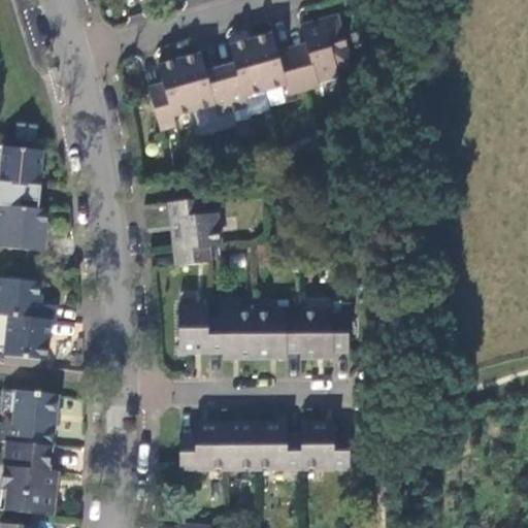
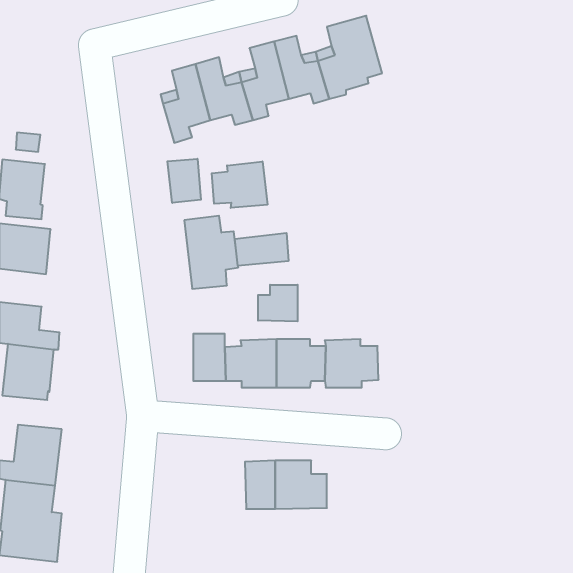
building: none -> [167,159,201,203]
building: none -> [212,161,267,208]
building: none -> [235,233,288,266]
building: none -> [258,285,298,321]
building: [300,424,348,467] -> none
building: [178,425,226,468] -> none

